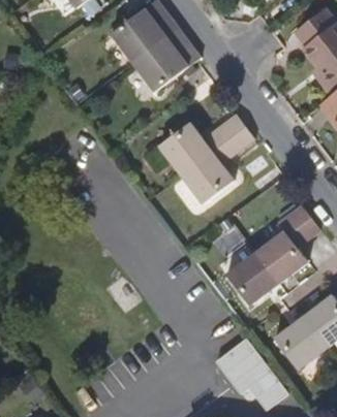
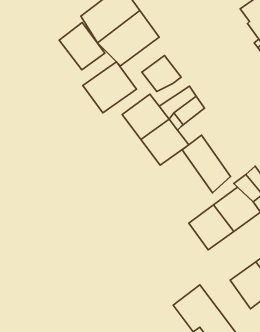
building: none -> [59,22,105,70]
building: none -> [142,55,181,92]
building: none -> [83,62,137,113]
building: none -> [182,135,231,193]

